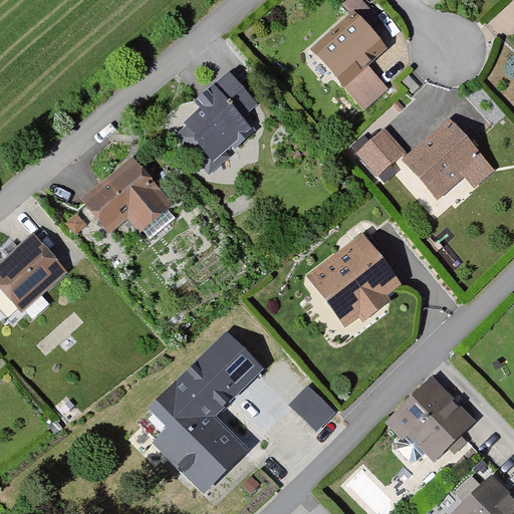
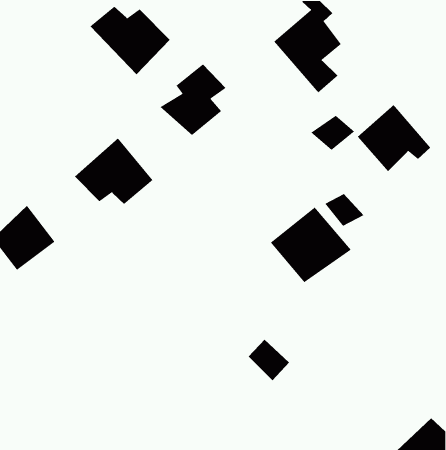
building: none -> [89,6,170,75]
building: none -> [324,193,364,227]
building: [139,332,267,489] -> none
building: [387,377,476,460] -> none

